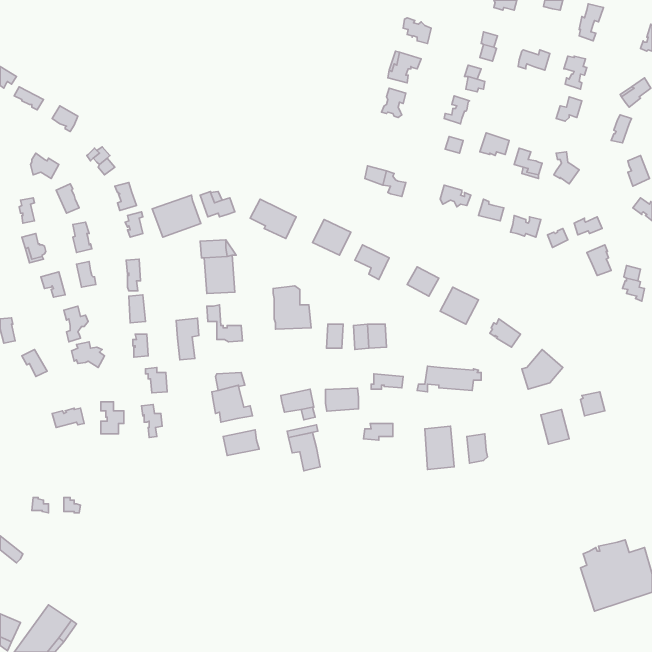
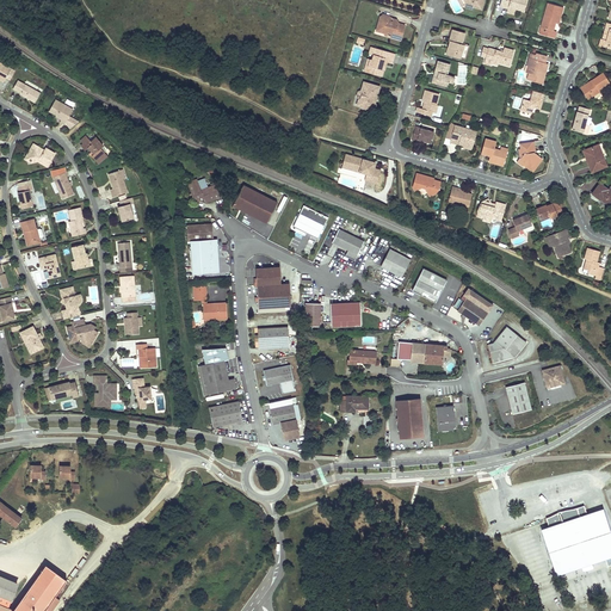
building: [152,195,201,237] -> none
building: [176,318,199,360] -> none
building: [325,388,359,411] -> [258,327,289,348]

